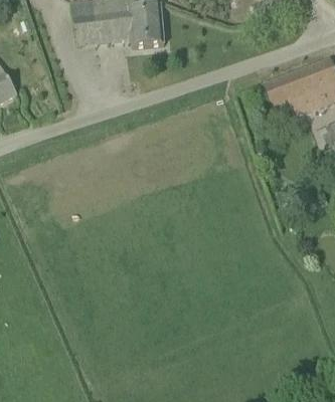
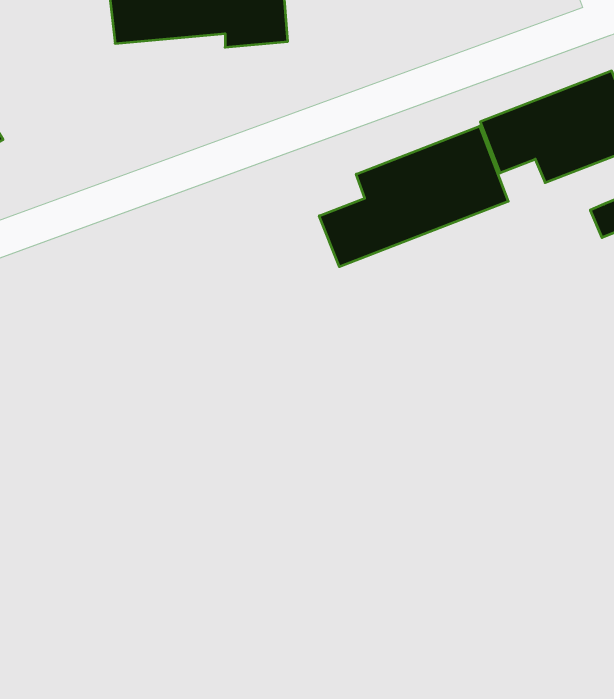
building: none -> [319,126,508,267]

